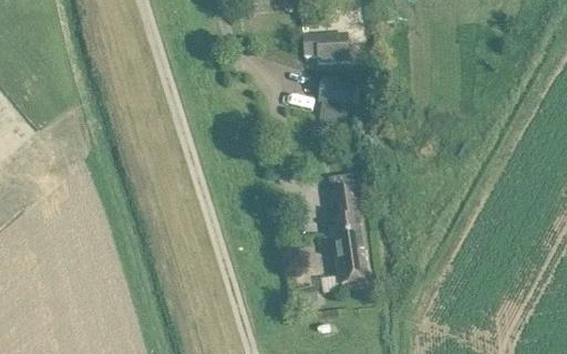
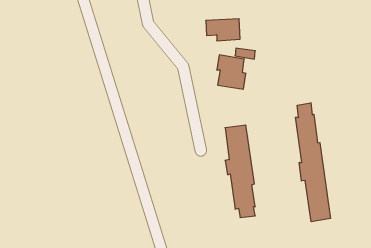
building: none -> [295,103,330,222]

